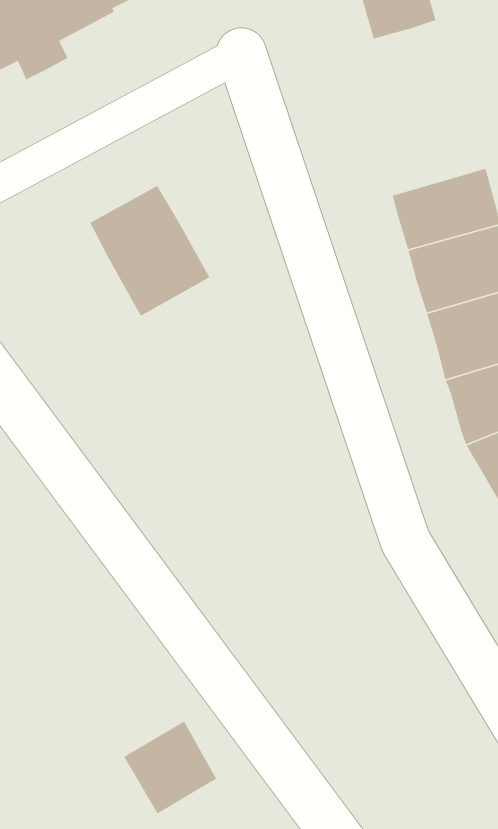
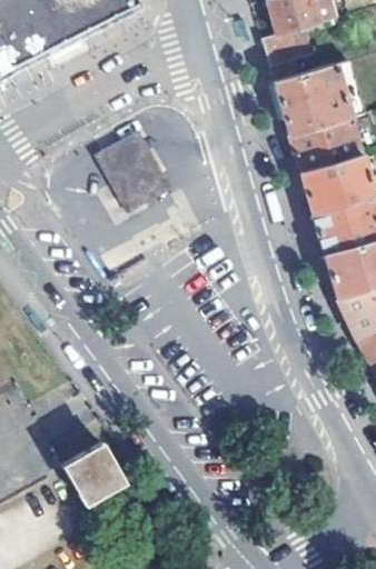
building: none -> [263,27,310,66]
building: none -> [275,63,352,134]
building: [123,721,217,815] -> [59,441,120,502]

